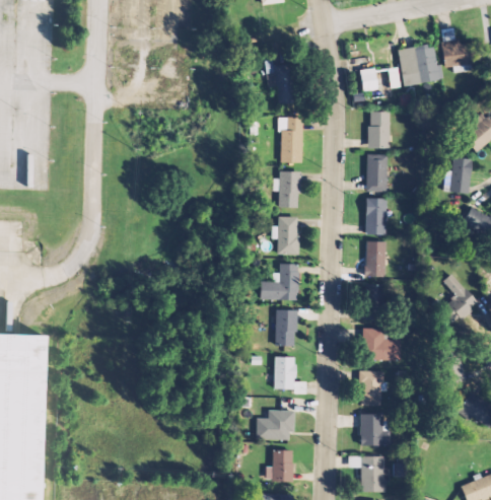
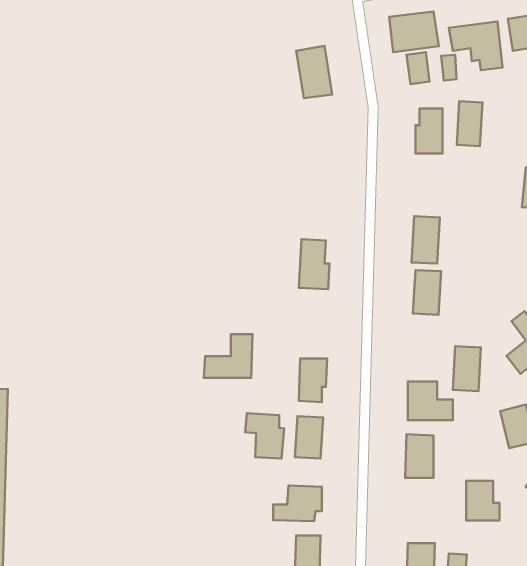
building: none -> [389,11,439,52]
building: [281,117,302,162] -> none
building: [367,155,388,191] -> [457,101,482,146]
building: [278,171,299,207] -> none
building: [259,265,297,299] -> [204,334,253,378]
building: [363,284,385,319] -> [453,346,481,391]
building: none -> [245,413,284,458]
building: [361,414,388,445] -> [466,481,500,521]

